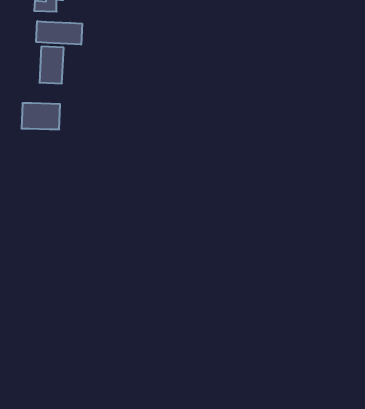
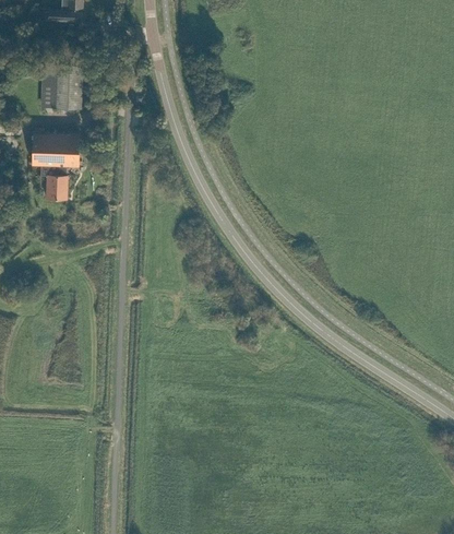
building: [36,21,82,45] -> none
building: none -> [39,165,67,200]

